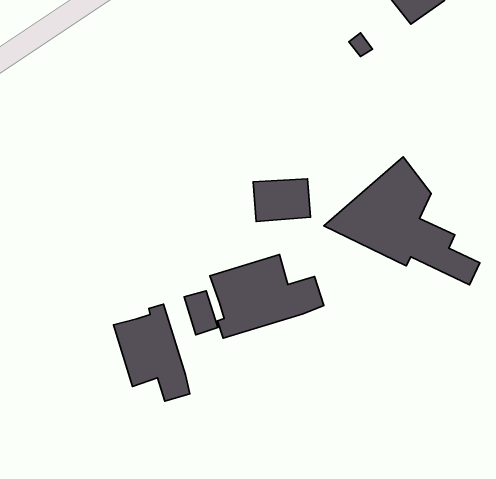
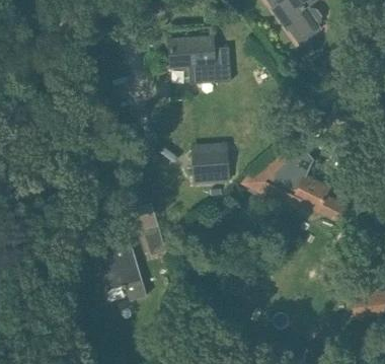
building: none -> [169,34,229,83]
building: [210,254,324,338] -> none

